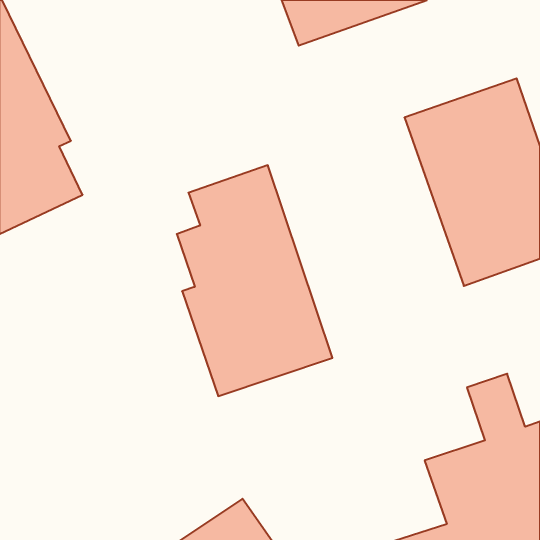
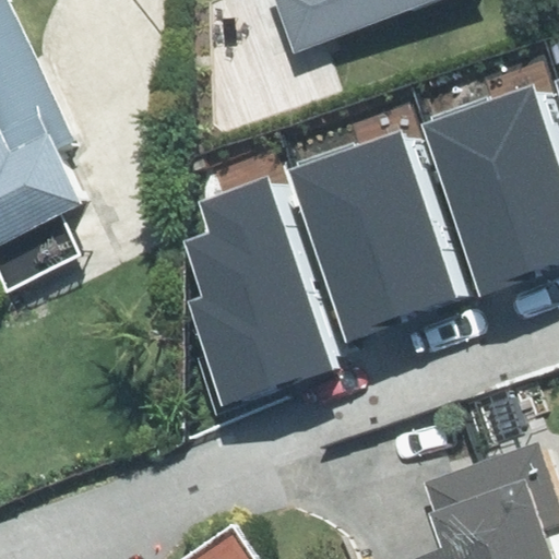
building: none -> [285,127,463,341]

